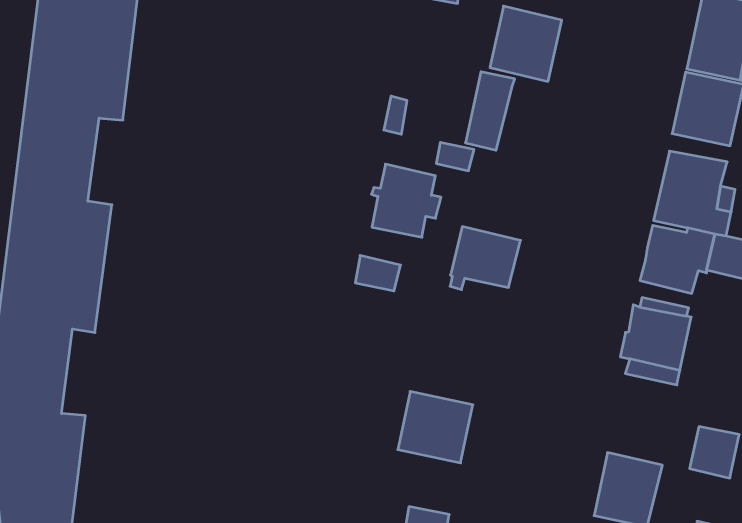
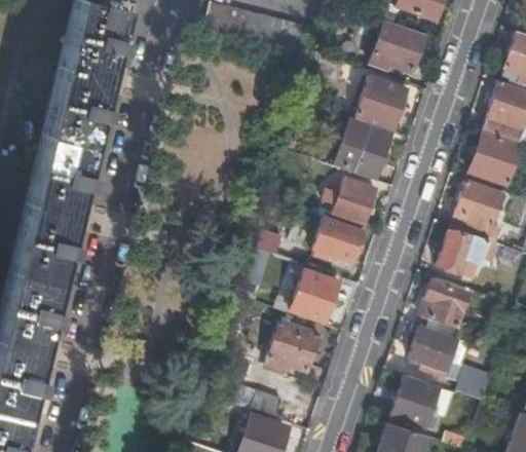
building: none -> [353,128,391,177]
building: [371,164,441,237] -> [331,177,378,227]
building: none -> [290,268,339,323]
building: none -> [408,328,469,380]

